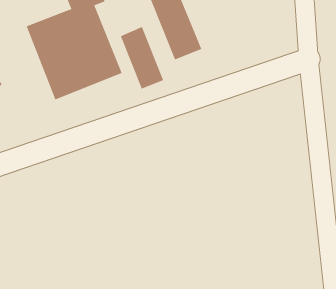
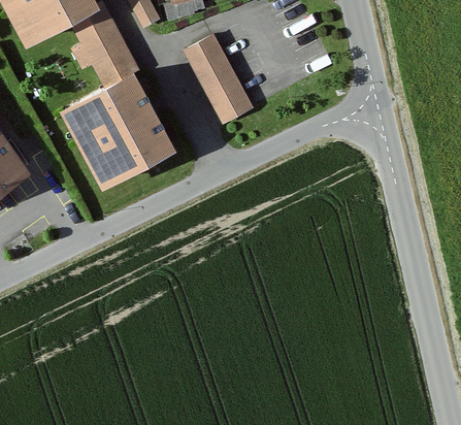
building: [120,26,164,89] -> none

